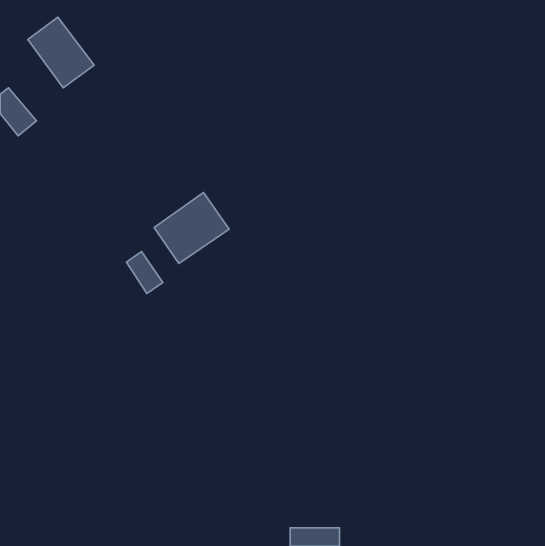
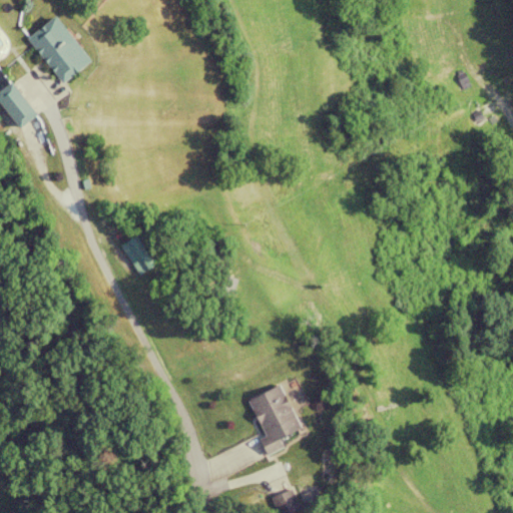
building: [154,193,229,264] -> none
building: none -> [247,385,299,456]

